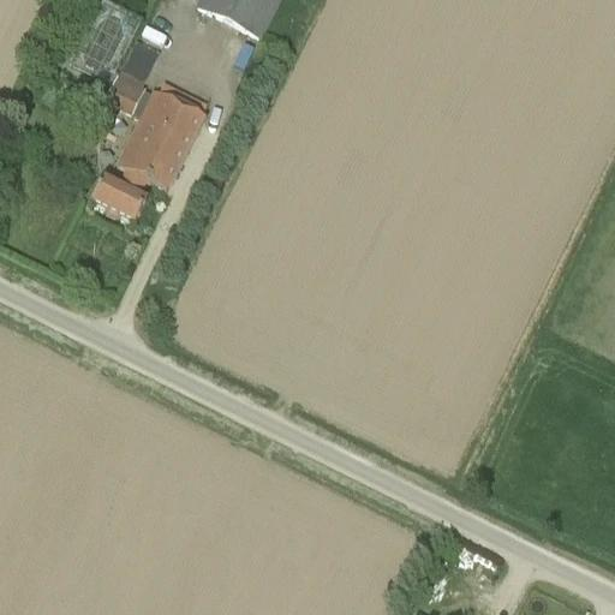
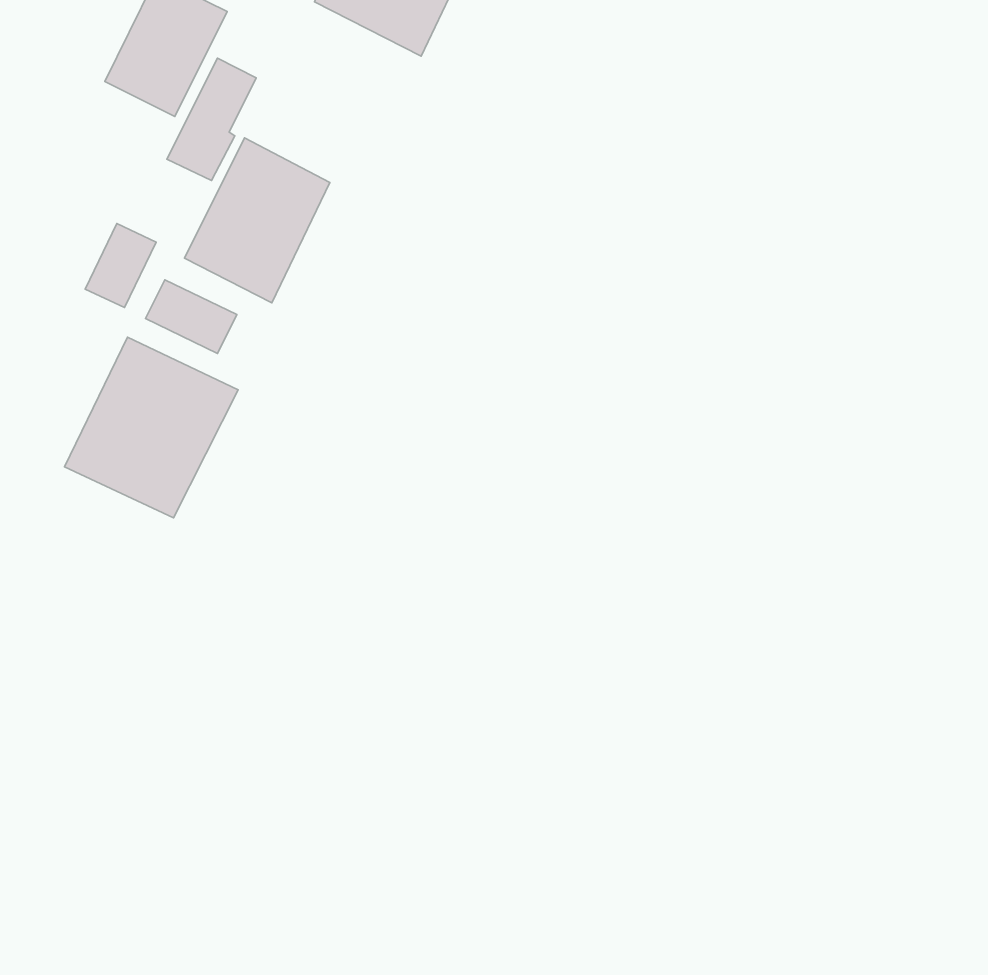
building: none -> [85,224,156,308]
building: none -> [64,337,238,518]

